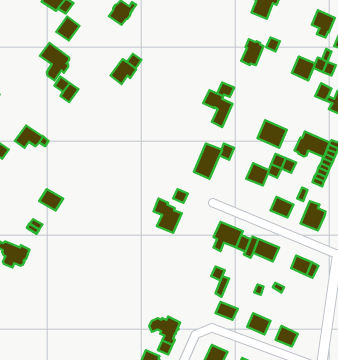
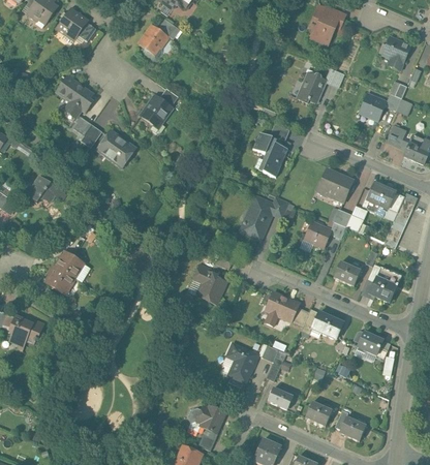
building: [56,17,79,40] -> none
building: none -> [96,129,135,167]
building: none -> [45,266,74,291]
building: none -> [226,342,258,381]

